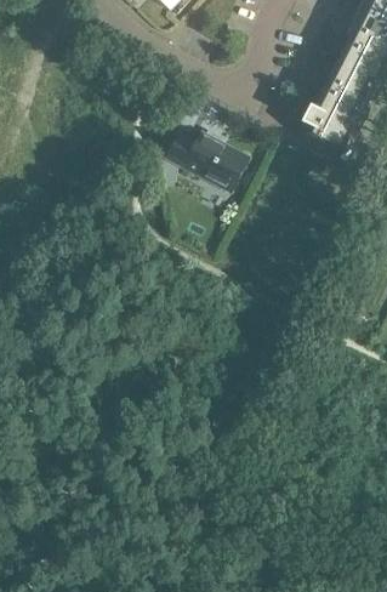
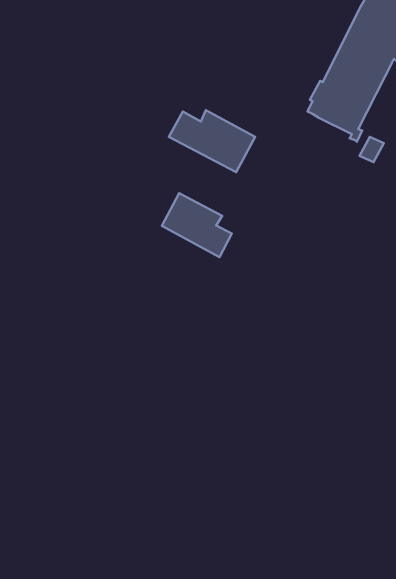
building: none -> [162,193,232,257]

